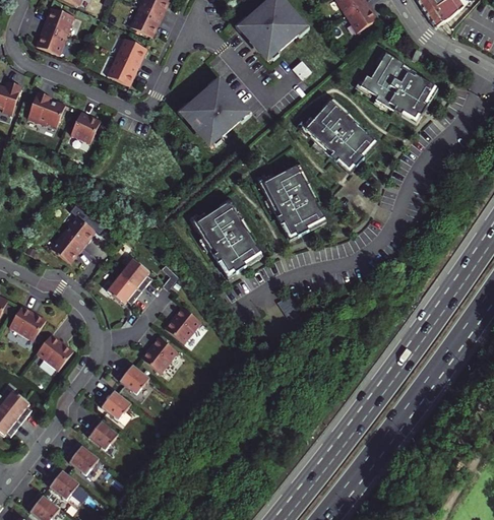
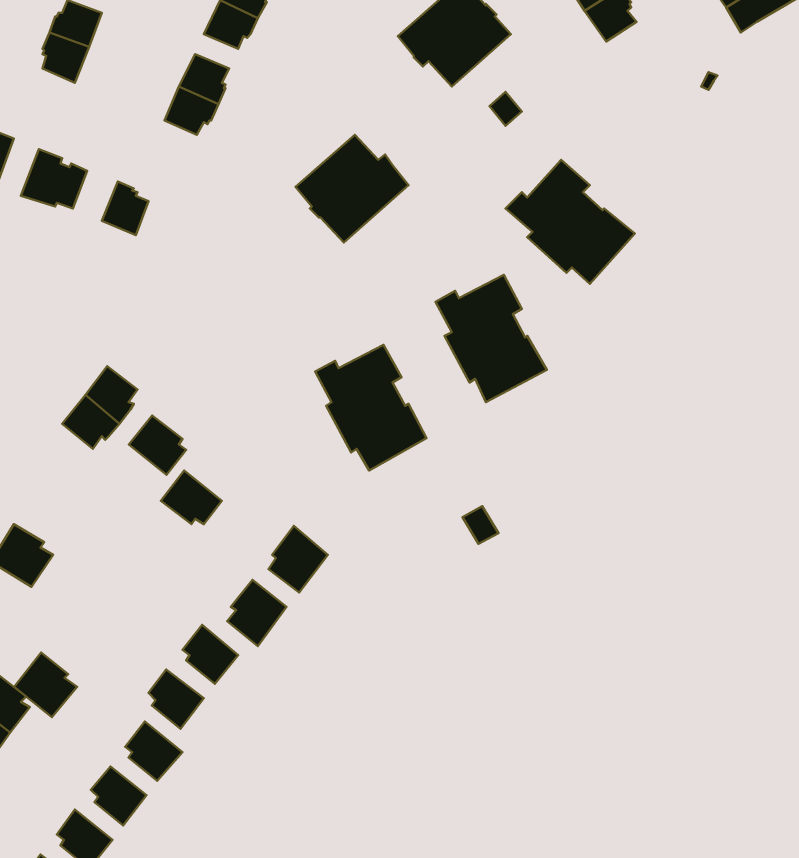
building: [360,53,434,119] -> none
building: [119,258,151,291] -> [129,416,186,475]
building: [36,334,71,371] -> [14,653,77,717]

